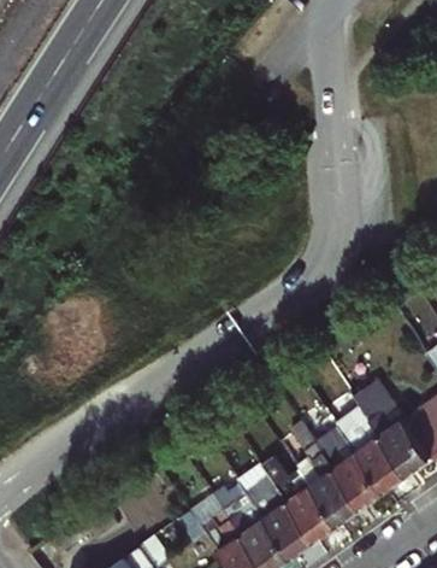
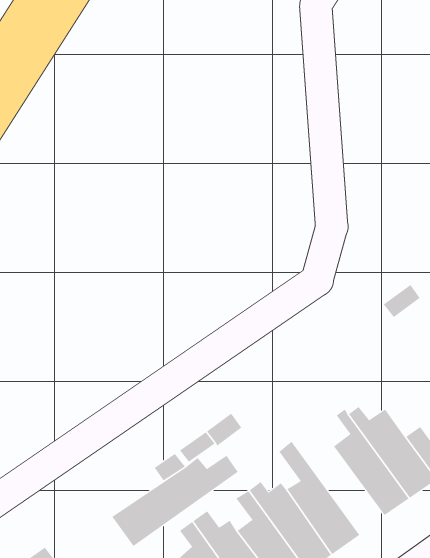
building: [303,414,386,506] -> none
building: none -> [111,455,238,547]

